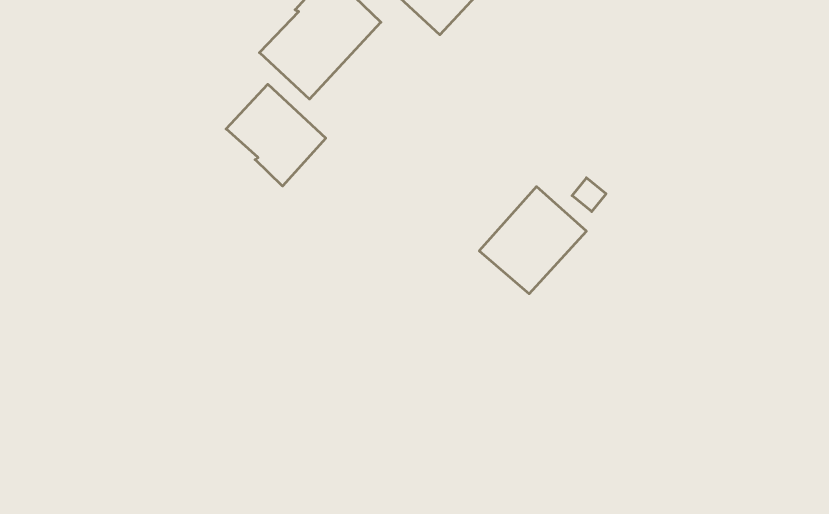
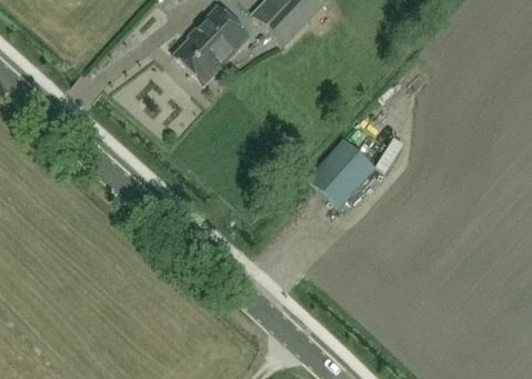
building: [226,84,326,186] -> none

